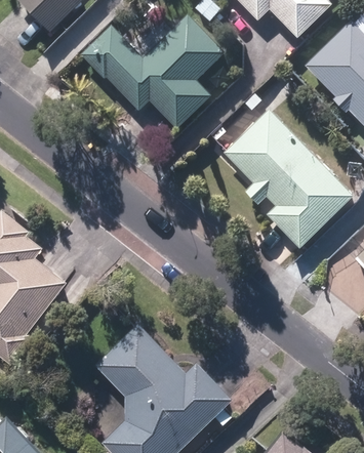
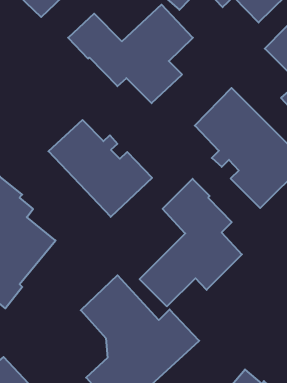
building: none -> [48,120,152,217]
building: none -> [140,179,242,306]

